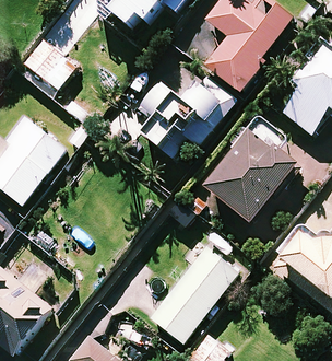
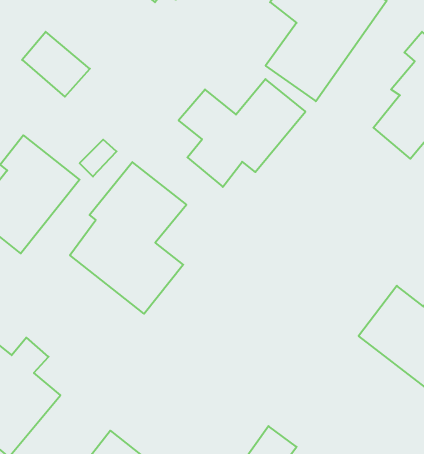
building: [207,113,296,222] -> none
building: none -> [70,162,186,314]
building: [149,245,237,341] -> none

